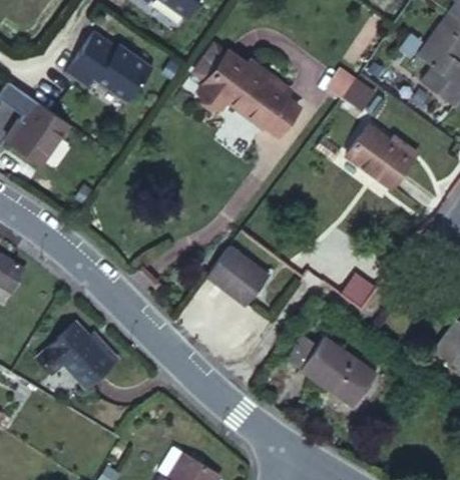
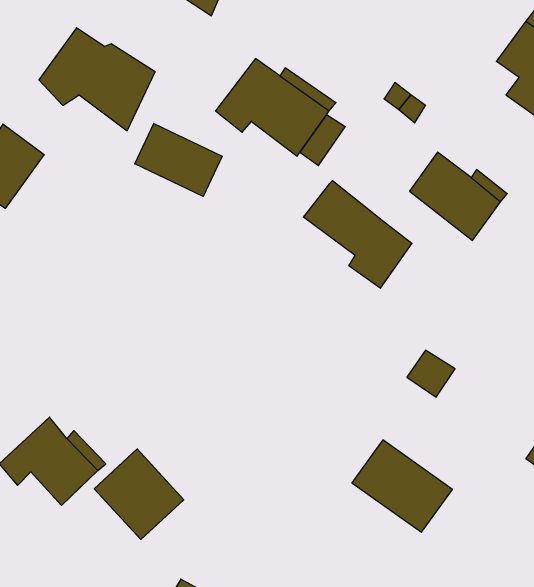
building: none -> [135,123,222,196]
building: none -> [303,181,412,288]
building: [207,245,267,303] -> none
building: none -> [94,449,184,539]

